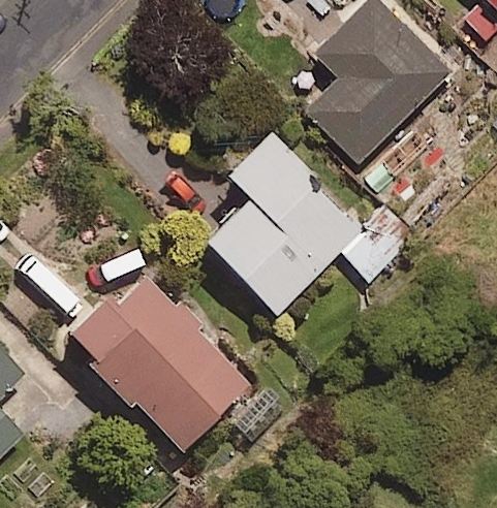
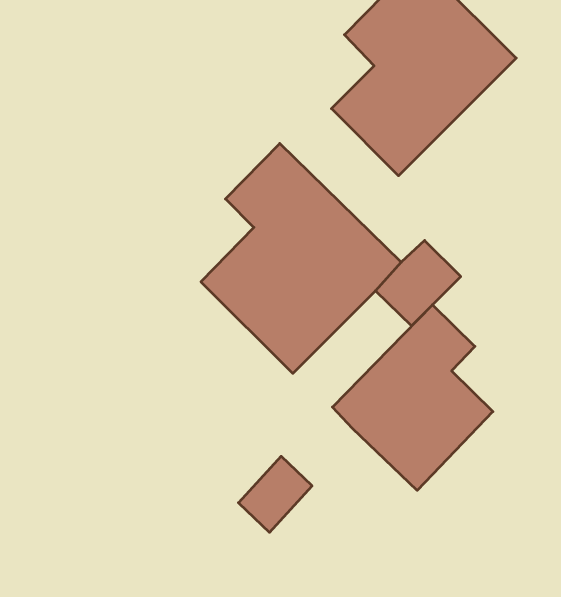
building: none -> [332,305,493,490]
building: [67,272,248,454] -> none

